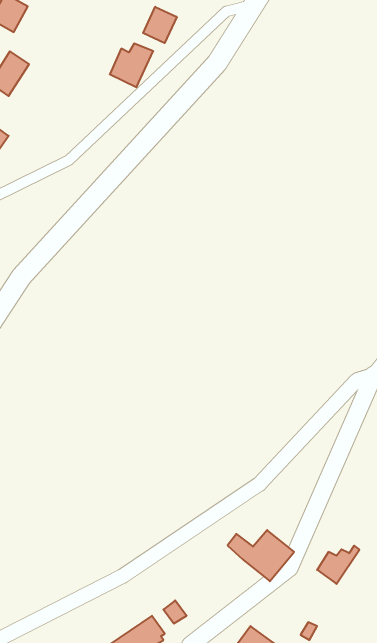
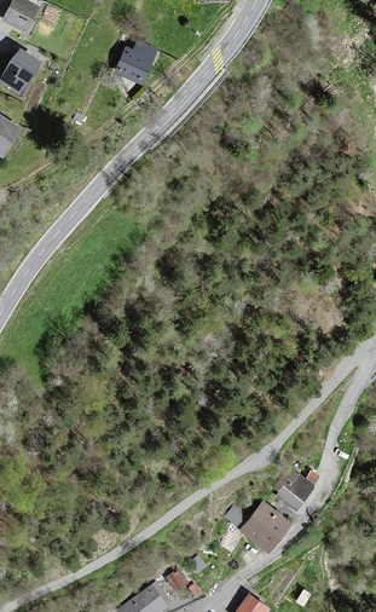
building: [143,7,177,43] -> none
building: [317,546,359,584] -> [277,472,317,508]

